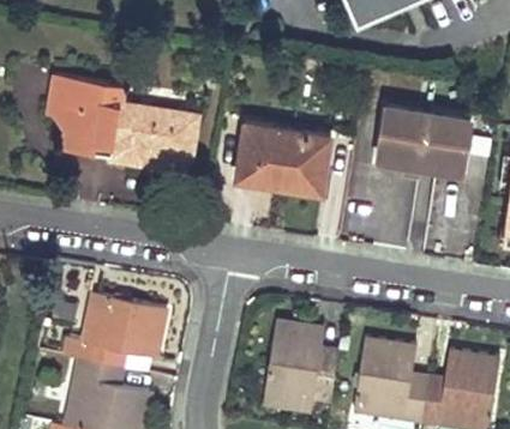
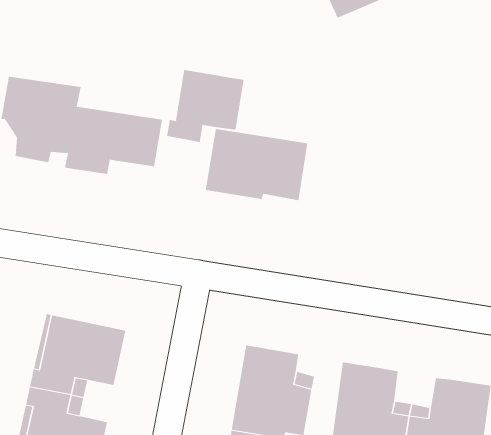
building: none -> [167,69,244,143]
building: [379,107,470,175] -> none

